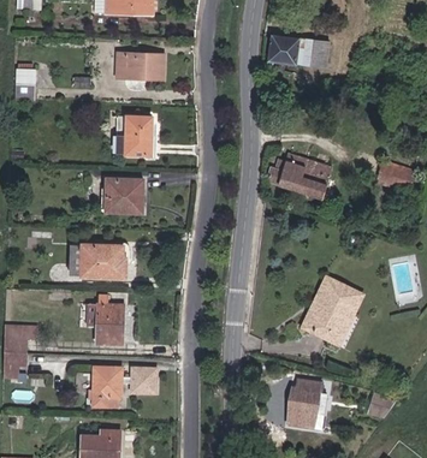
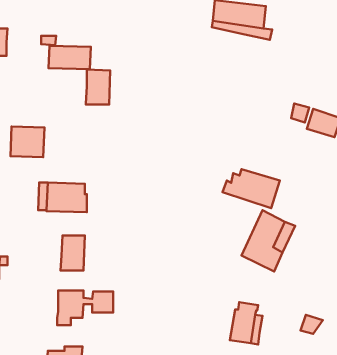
building: [115,53,164,79] -> [48,46,91,69]
building: [266,154,331,198] -> [223,169,280,208]
building: [105,178,143,213] -> [10,127,44,157]

